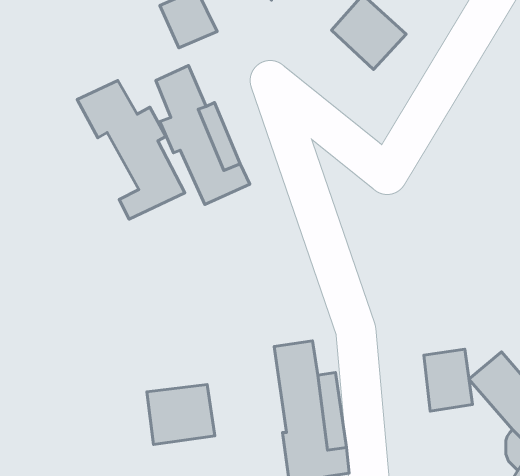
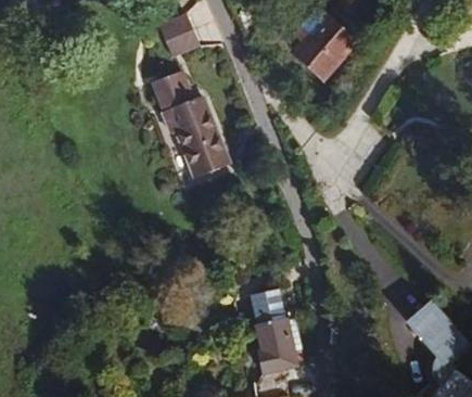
building: [77,80,185,219] -> none
building: [424,349,472,411] -> none
building: [147,384,215,445] -> none

